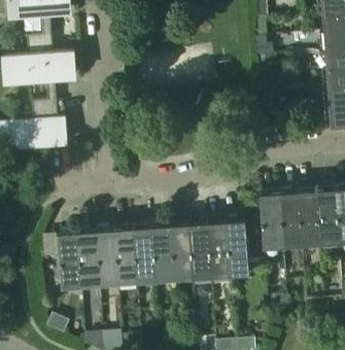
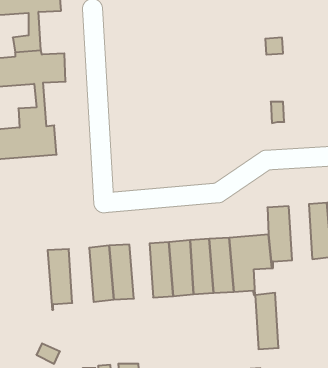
building: [280,194,302,245] -> [255,293,279,349]
building: [134,230,156,280] -> none
building: [78,234,101,284] -> none

